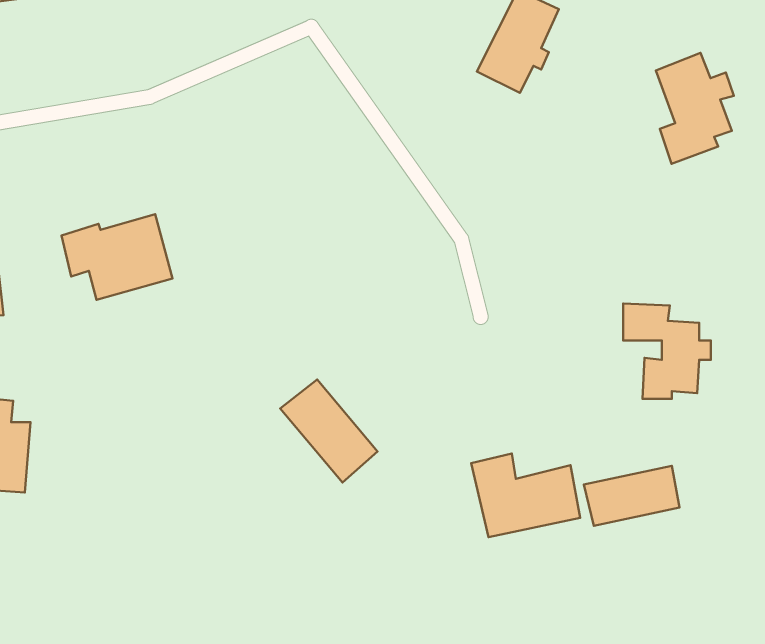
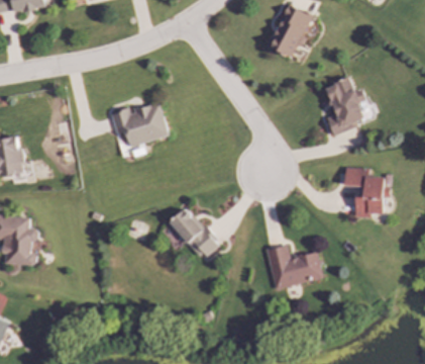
building: [656,53,734,164] -> [325,79,365,136]
building: [61,214,173,300] -> [111,103,169,148]
building: [584,466,680,526] -> none

